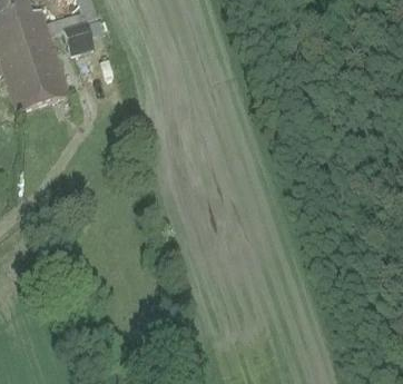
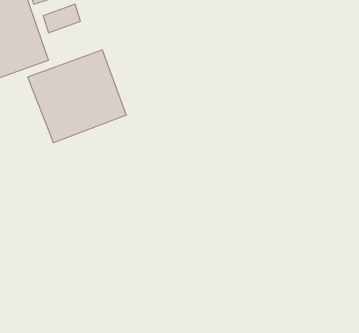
building: none -> [28,50,126,143]

